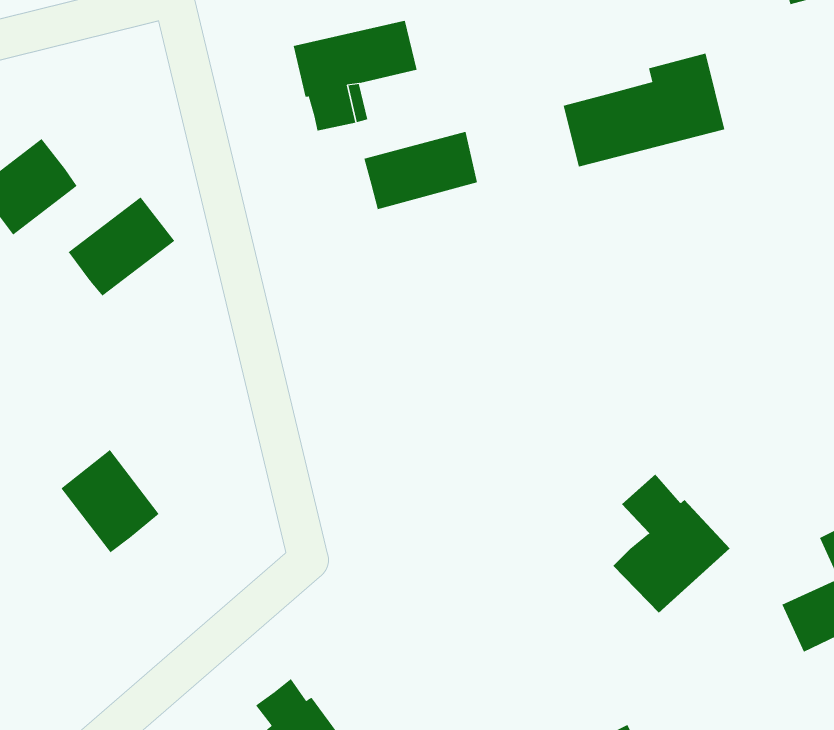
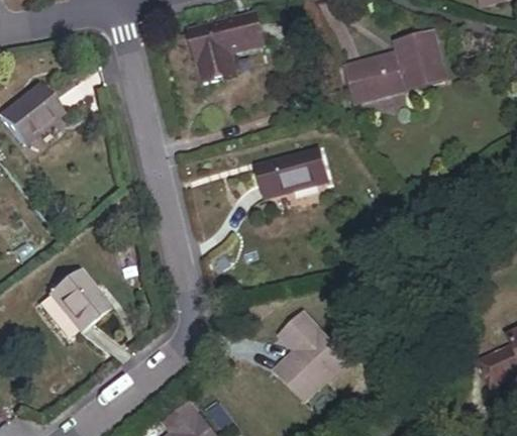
building: [364,131,478,210] -> [257,150,325,197]
building: [68,196,175,296] -> none
building: [613,473,731,614] -> [277,316,346,399]

